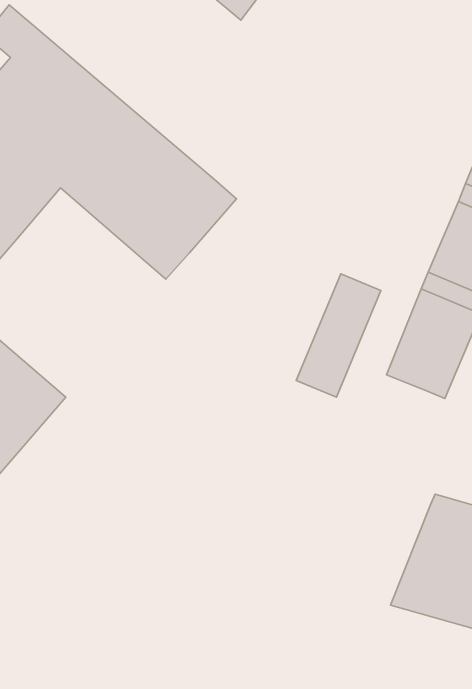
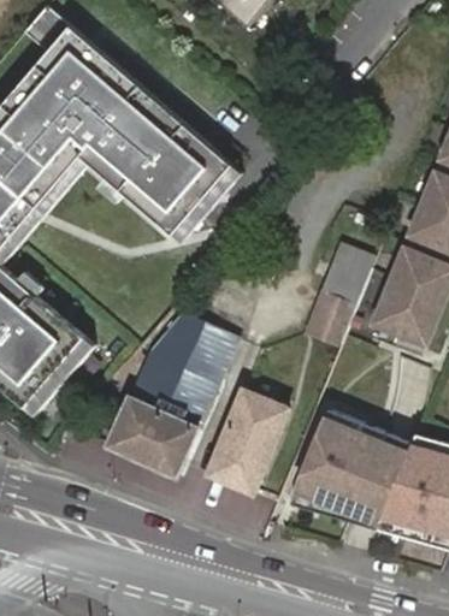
building: none -> [107,309,237,470]
building: none -> [206,386,285,490]
building: none -> [288,414,412,527]

